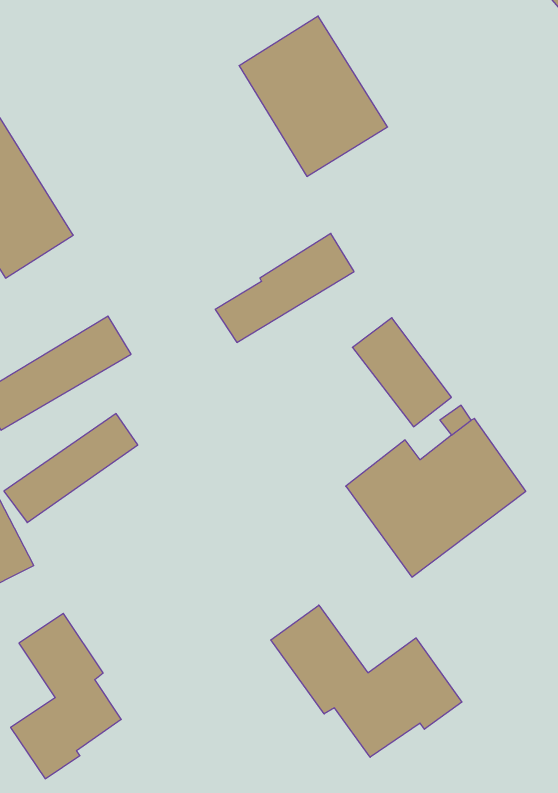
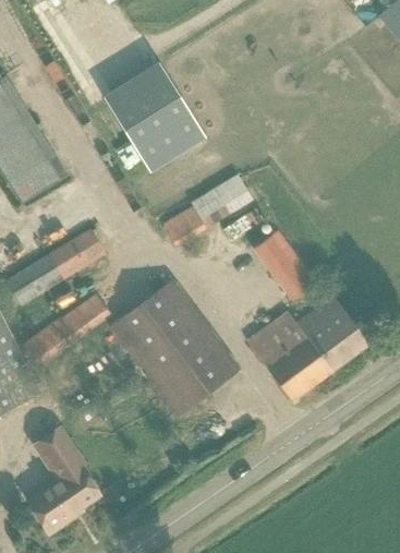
building: [239,16,388,176] -> [107,61,205,167]
building: none -> [107,276,239,417]
building: [271,605,462,757] -> none

